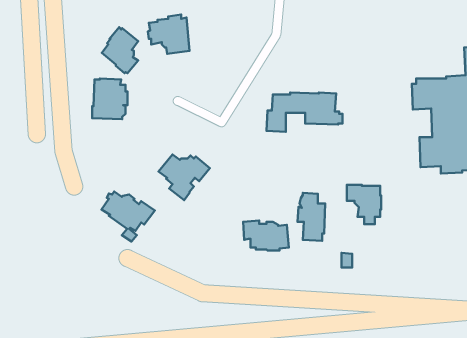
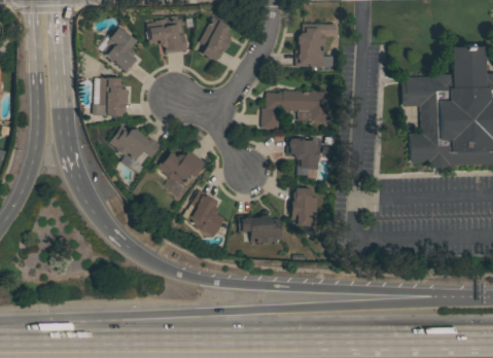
building: none -> [200,17,233,62]
building: none -> [295,24,336,67]
building: [347,185,381,224] -> [287,138,320,176]
building: [101,191,155,242] -> [110,126,162,174]
building: none -> [187,189,225,236]

